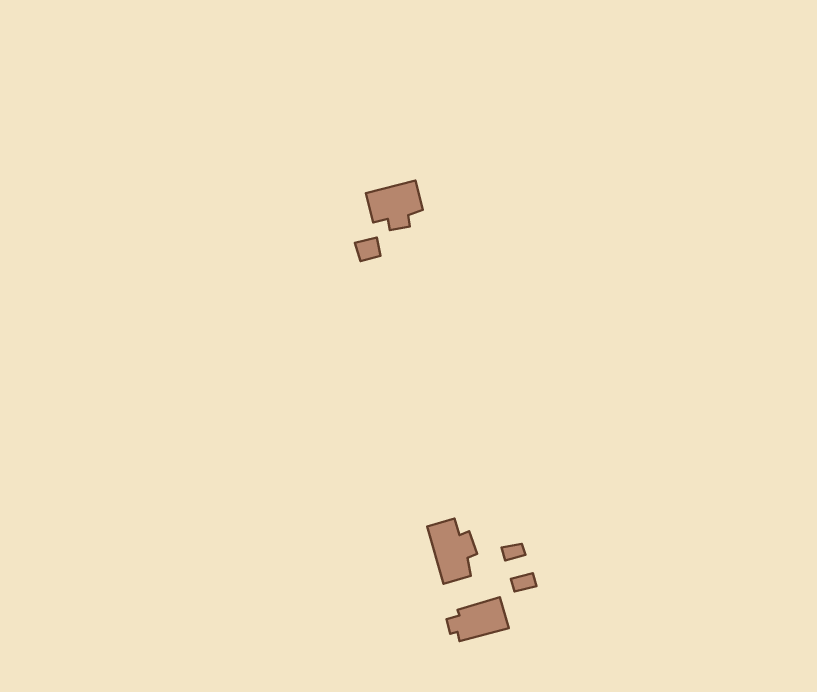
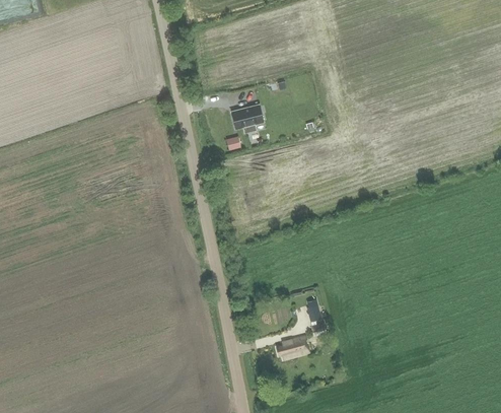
building: [427,518,477,584] -> none

